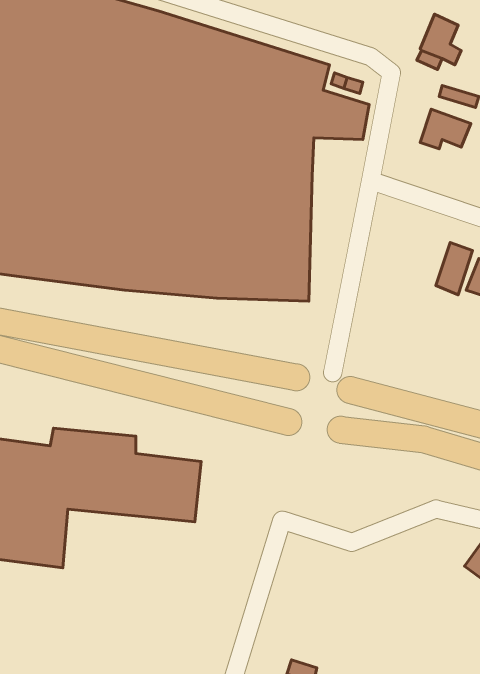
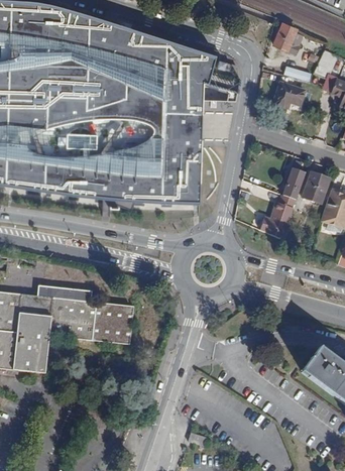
building: none -> [260,193,297,239]

